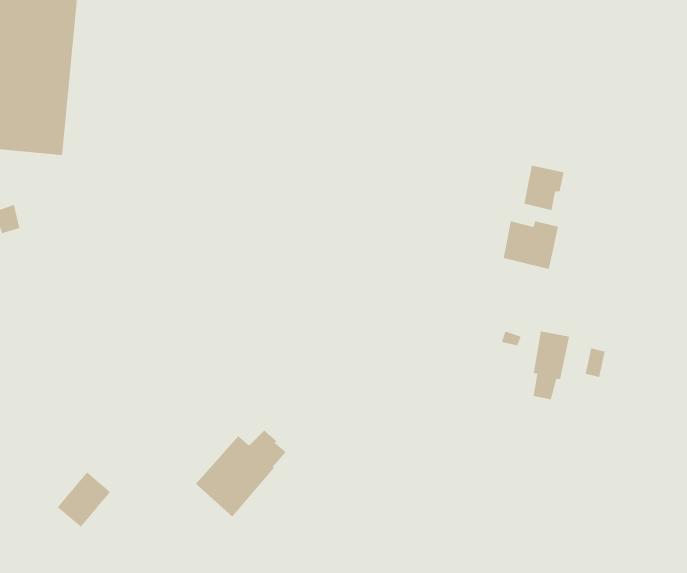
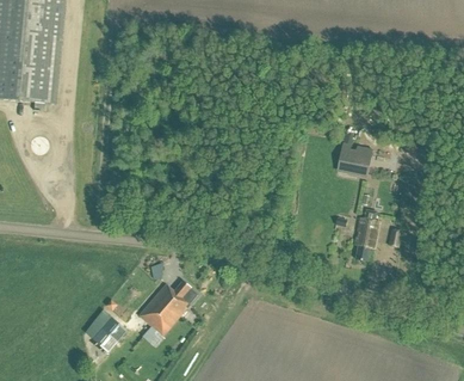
building: [524,165,564,211] -> none
building: [57,472,111,528] -> [91,314,125,350]

